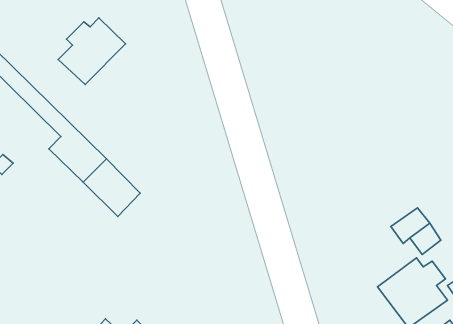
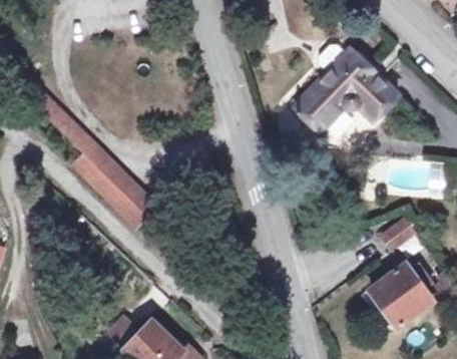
building: [58,18,125,85] -> none
building: none -> [295,51,398,132]

